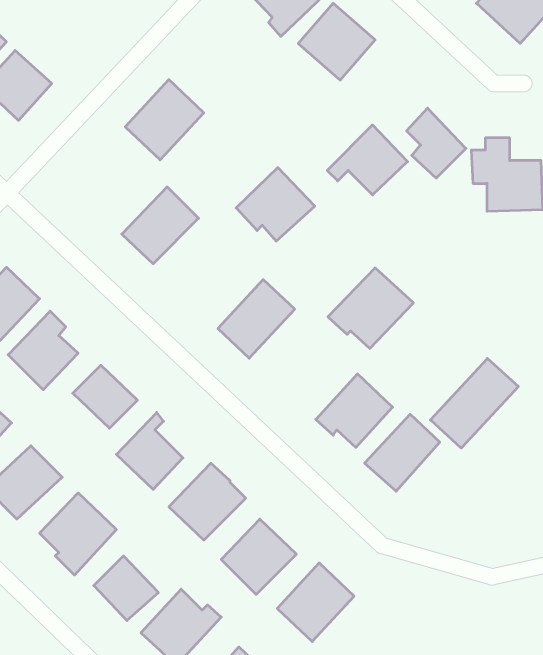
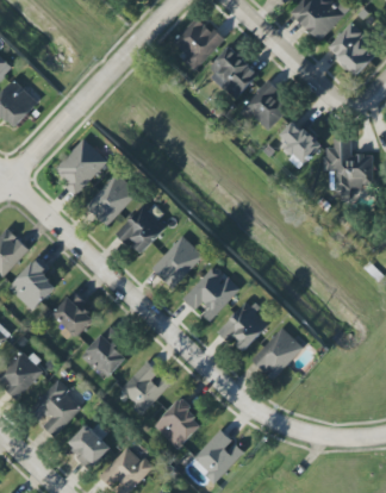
building: [125,80,204,160] -> [54,138,107,193]
building: [327,125,408,195] -> [236,82,291,130]
building: [236,168,315,241] -> [113,202,167,252]
building: [328,268,413,348] -> [182,266,241,320]
building: [430,358,518,448] -> none

